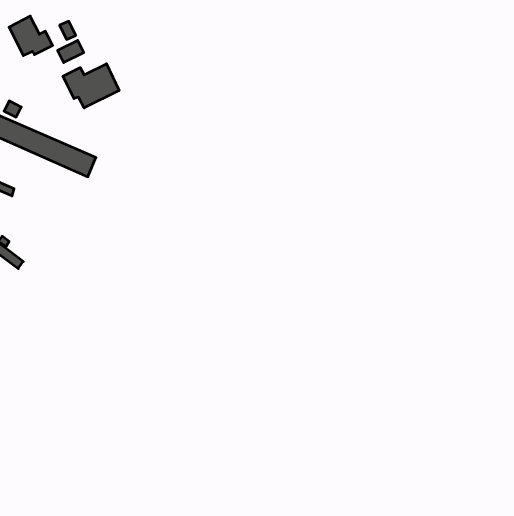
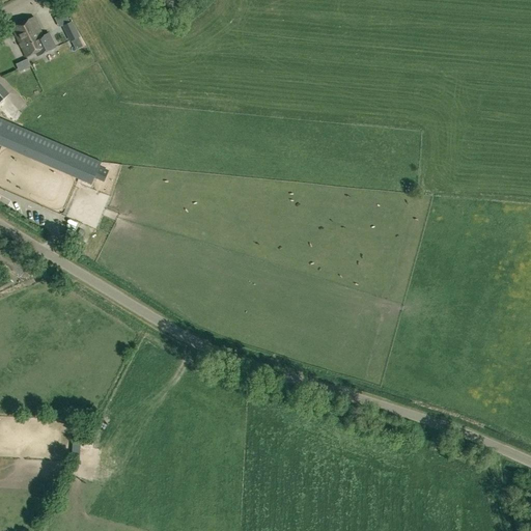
building: [63,64,119,108] -> none

